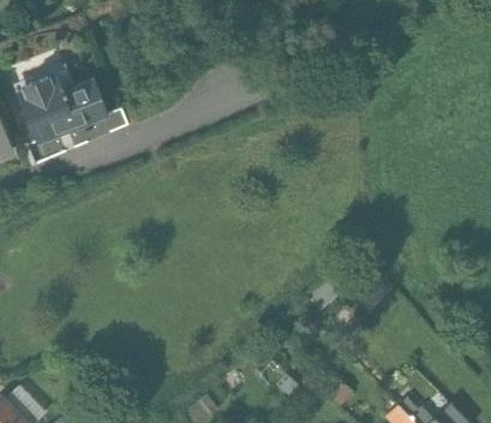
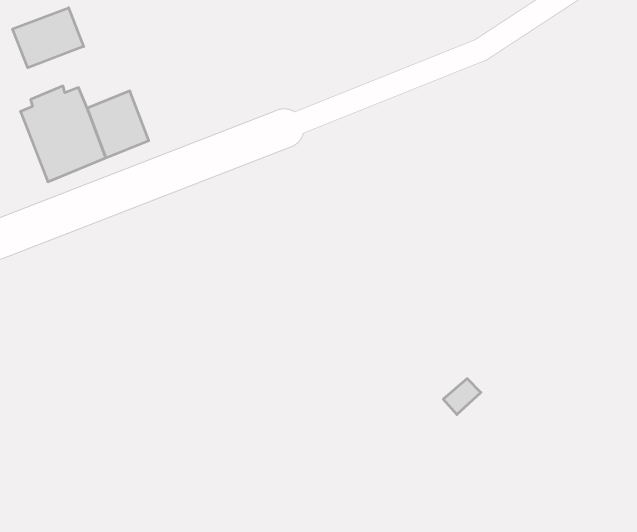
building: none -> [13,8,84,68]

